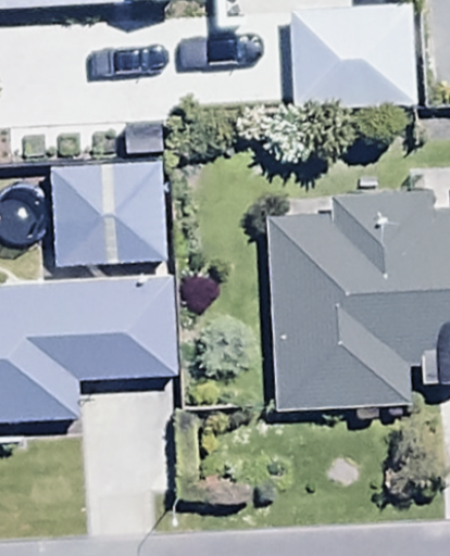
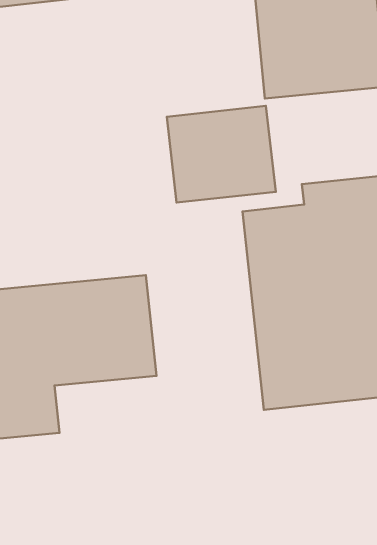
building: none -> [167,106,276,203]
building: [55,122,166,264] -> none

